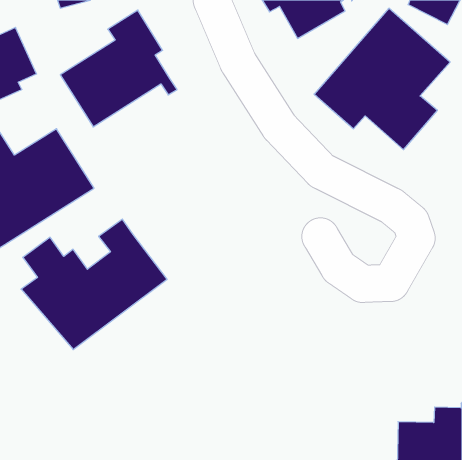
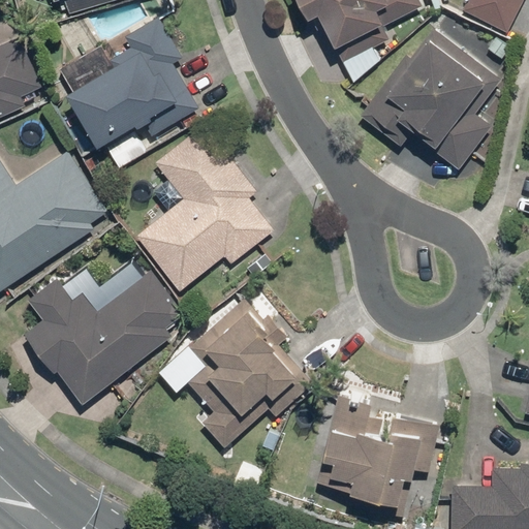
building: none -> [136,126,272,290]
building: none -> [163,301,304,445]
building: none -> [318,392,438,505]

